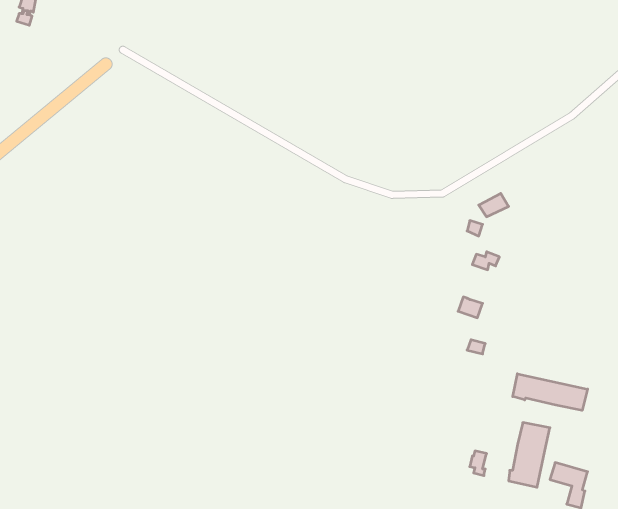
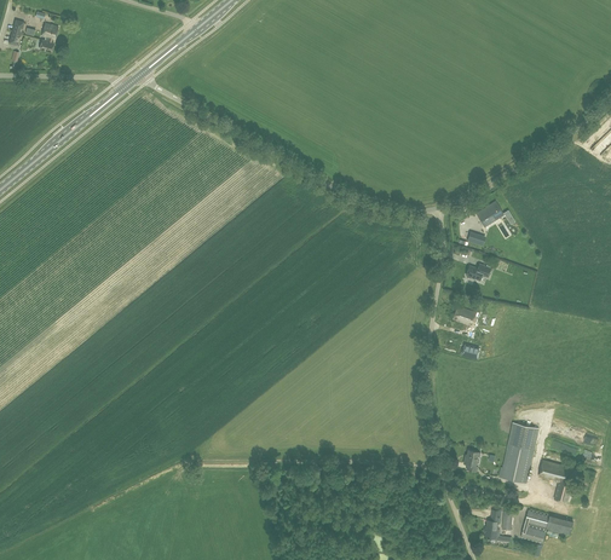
building: [513,374,588,410] -> none

